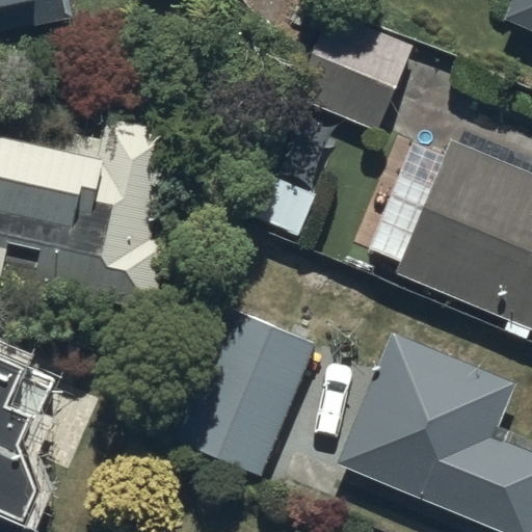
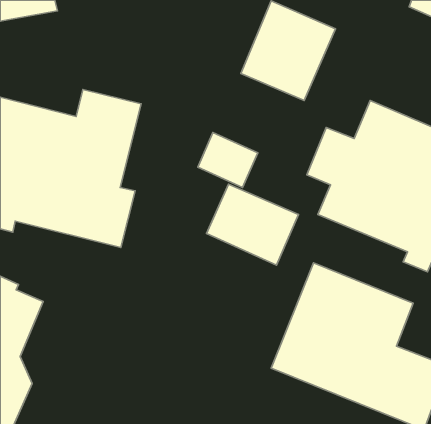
building: none -> [206,184,298,265]
building: [168,305,315,474] -> none

